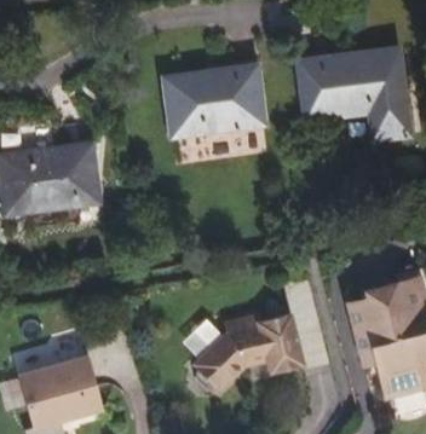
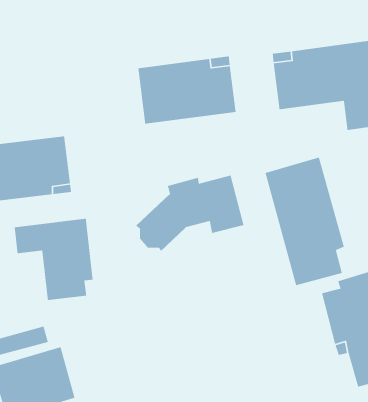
building: none -> [264,156,345,286]
building: none -> [14,218,93,301]
building: [194,312,303,389] -> [135,175,244,252]

